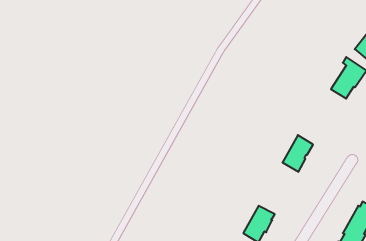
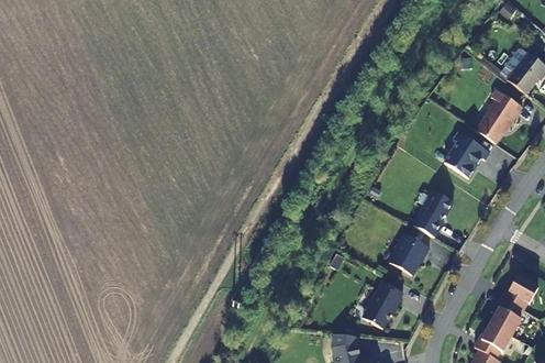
building: none -> [444,132,490,178]
building: none -> [390,234,429,275]

